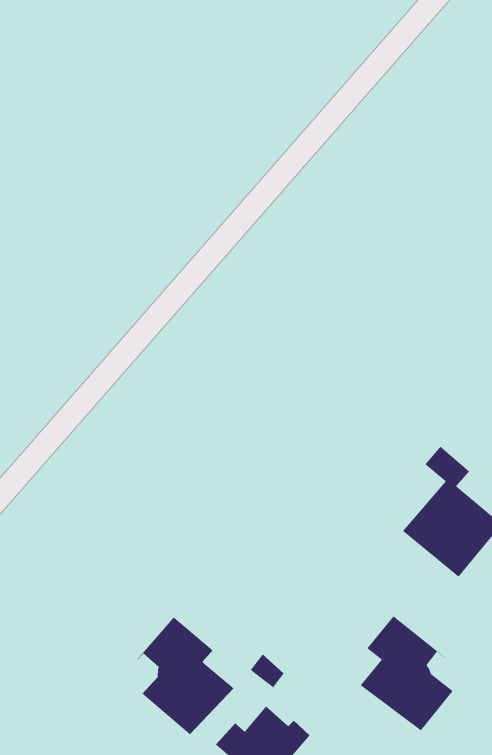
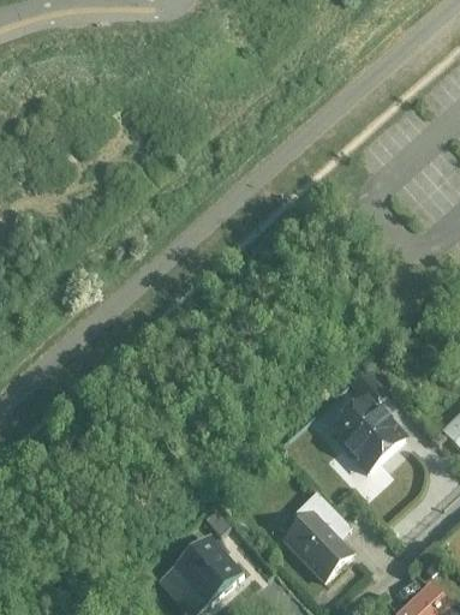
building: [137,616,234,735] -> none

